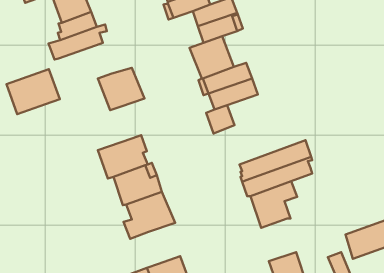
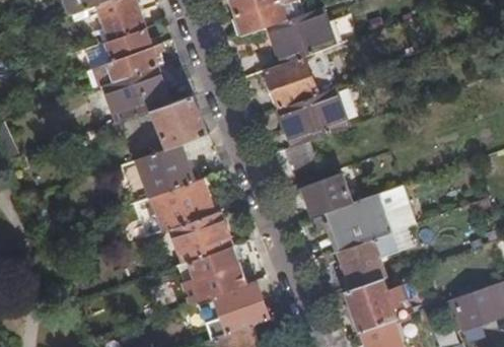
building: [6,69,60,114] -> [104,66,169,121]
building: none -> [136,143,194,197]
building: none -> [303,172,363,217]
building: none -> [347,279,407,334]
building: none -> [214,281,268,334]

